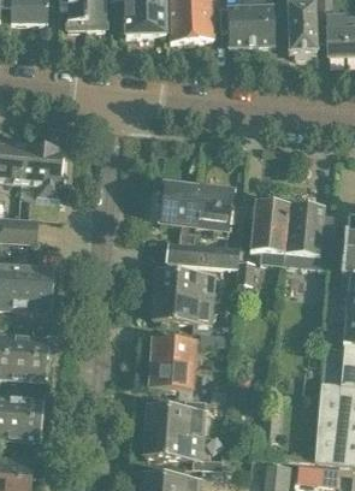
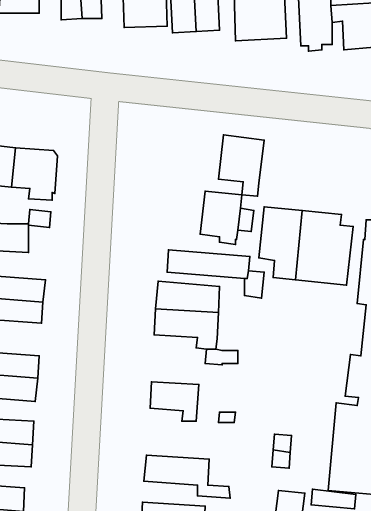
building: [159,182,201,238] -> [218,135,264,196]
building: [152,337,196,365] -> none
building: [147,398,207,433] -> none

